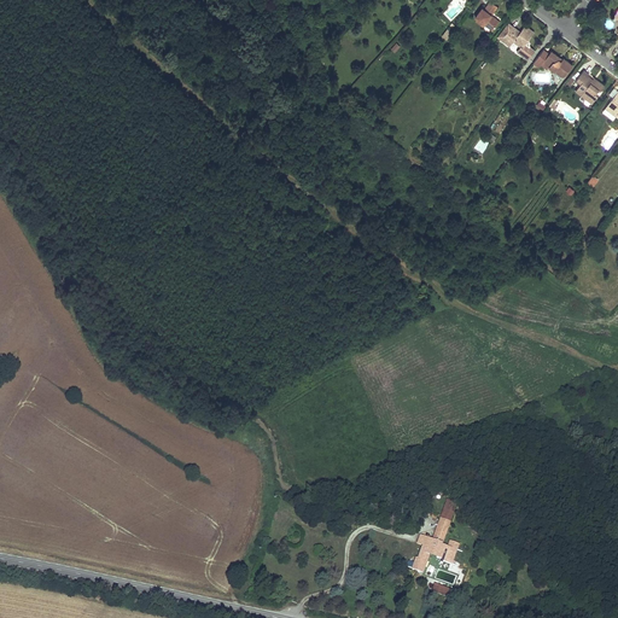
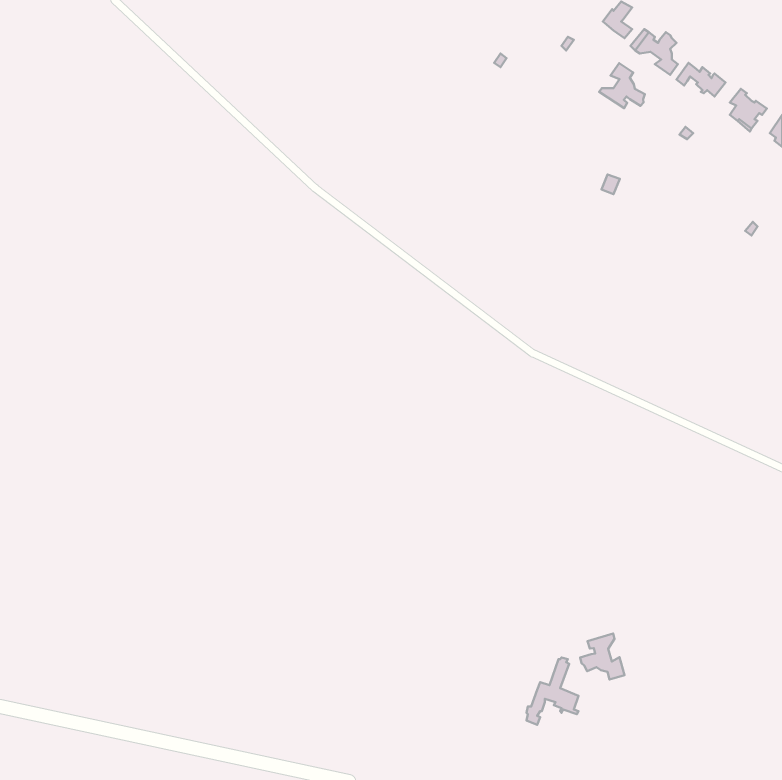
building: none -> [599,63,645,108]
building: none -> [580,634,625,679]

